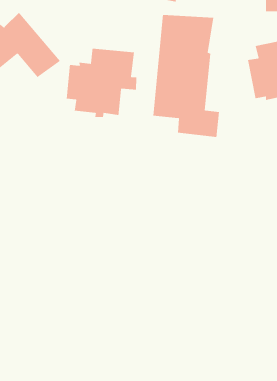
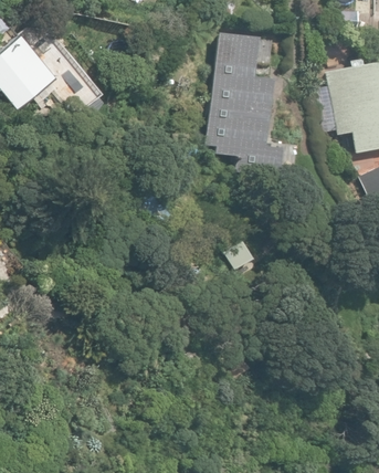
building: [66,48,137,118] -> none

